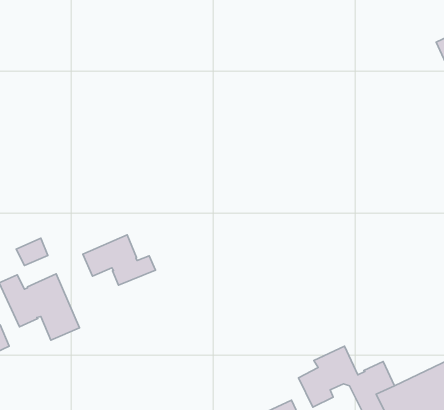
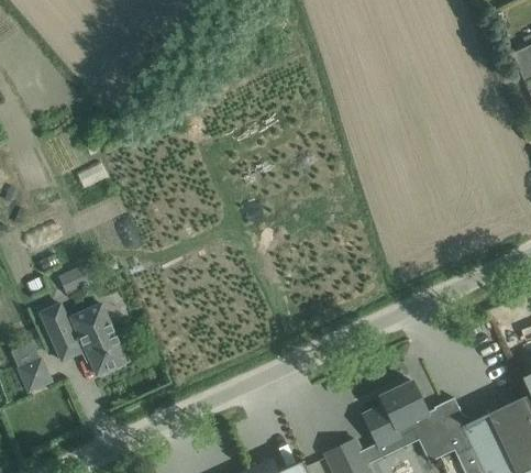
building: [83,235,155,285] -> none

